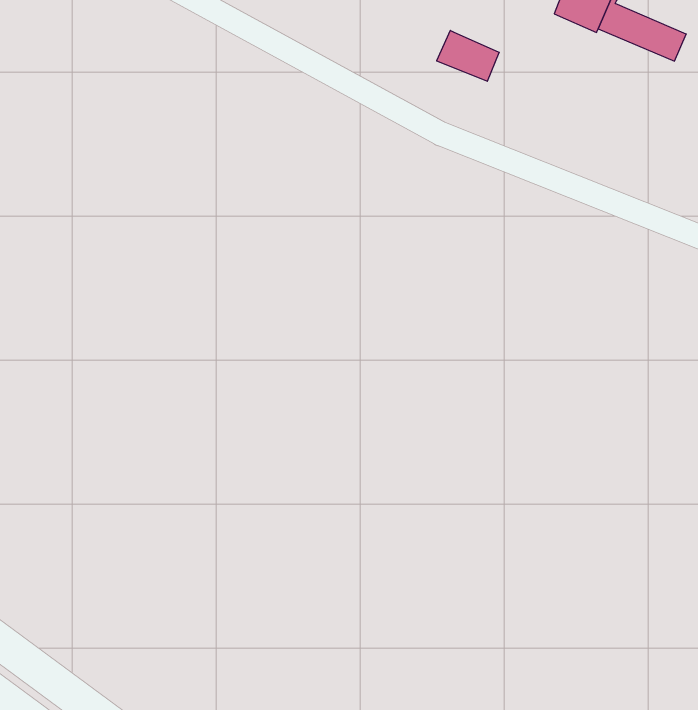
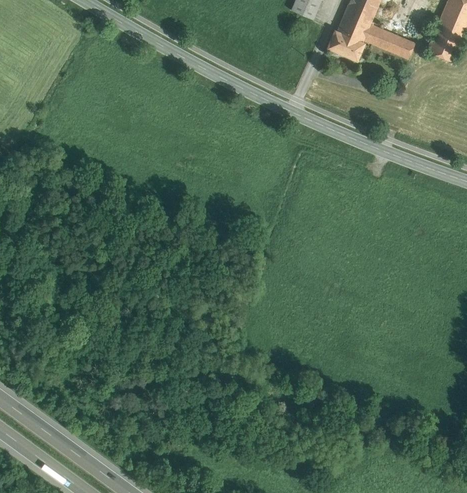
building: [437,30,499,81] -> [328,30,365,60]

